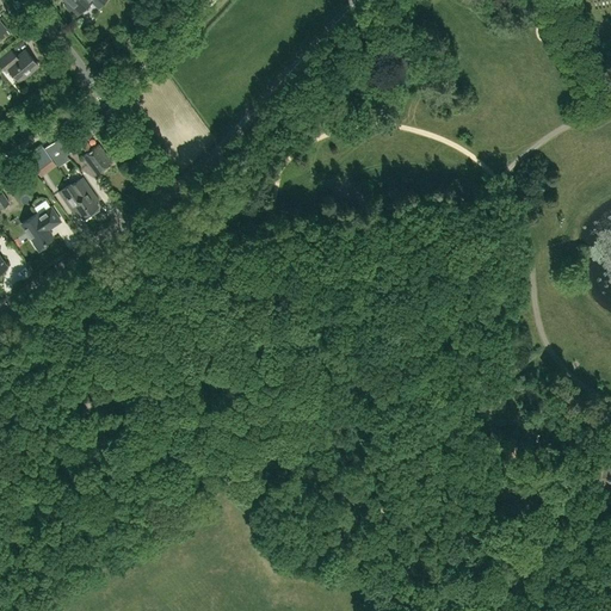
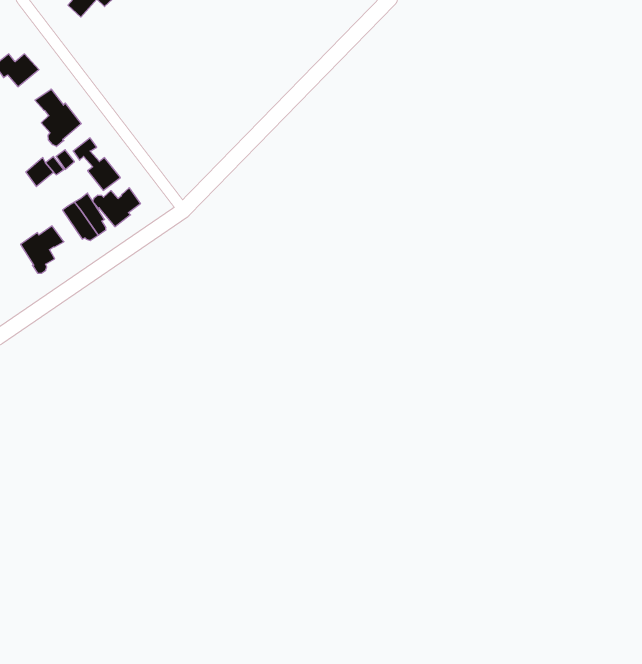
building: none -> [35,89,81,147]
building: none -> [93,188,140,227]

